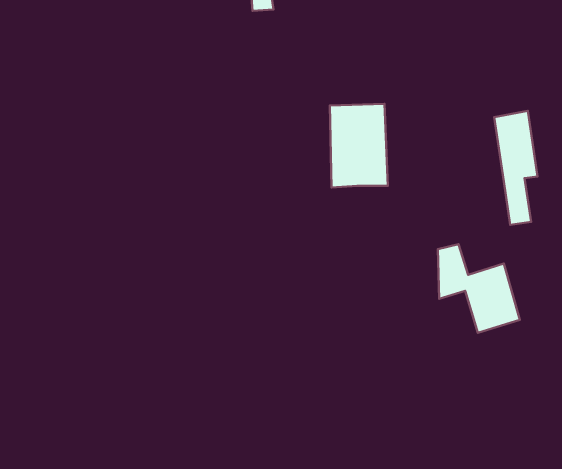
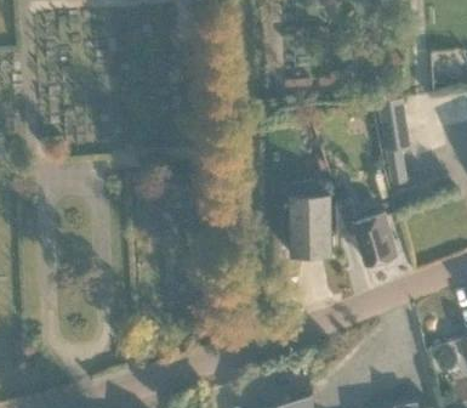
building: [330,104,388,188] -> [289,196,332,259]

